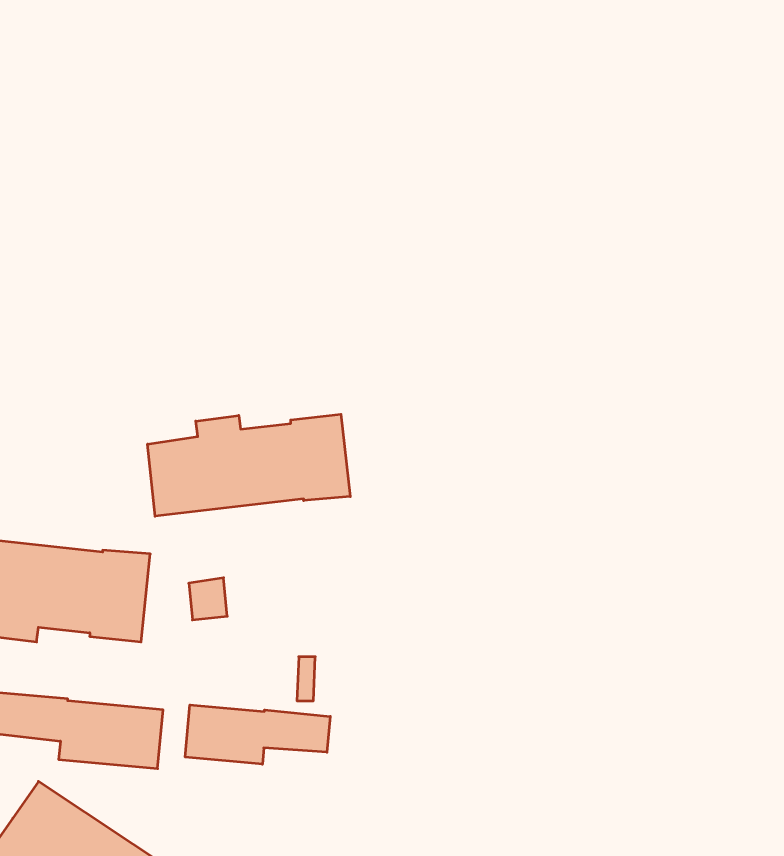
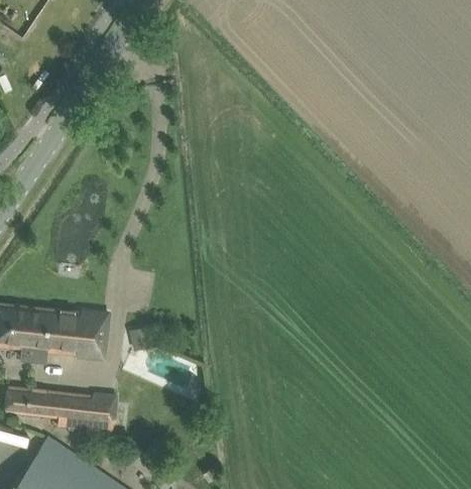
building: [148,414,350,516] -> none
building: [185,705,330,764] -> none

